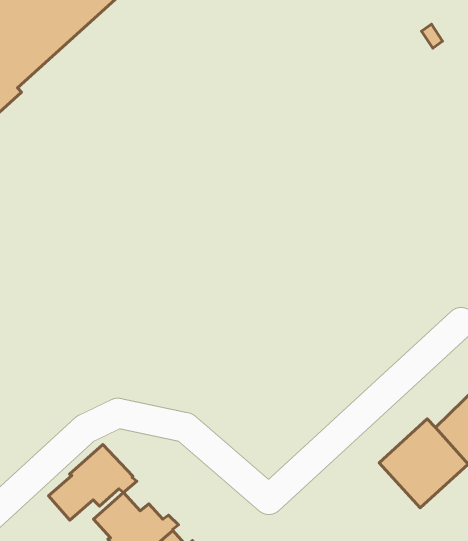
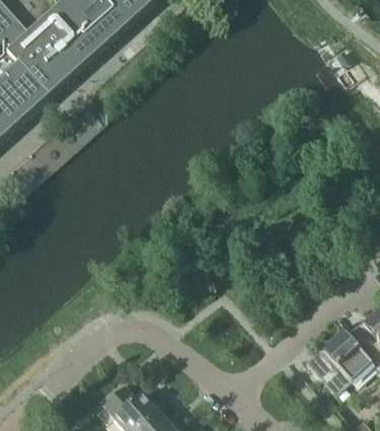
building: [49,444,137,520] -> none

